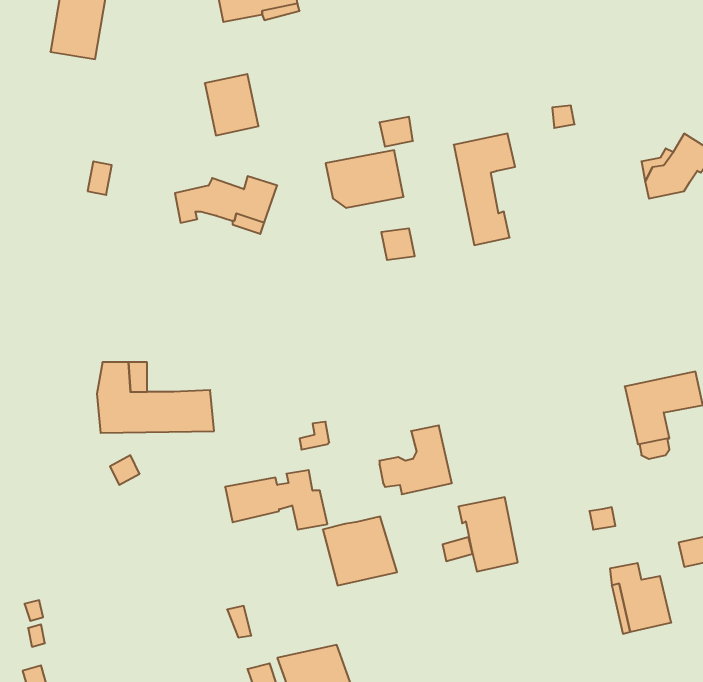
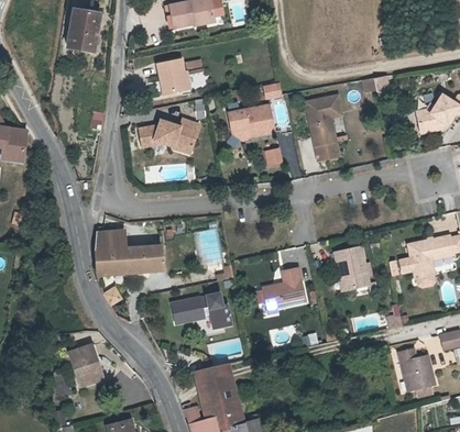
building: [458,497,518,572] -> [333,245,369,289]
building: [323,517,397,585] -> [193,363,237,403]
building: none -> [73,343,107,383]

